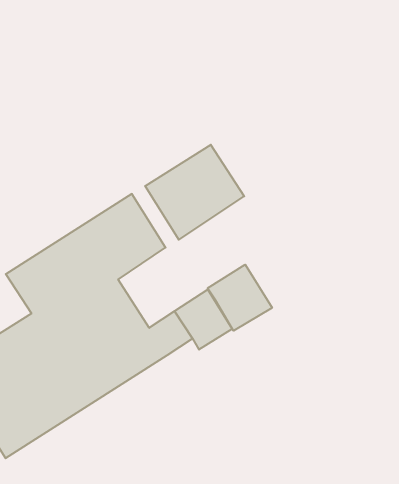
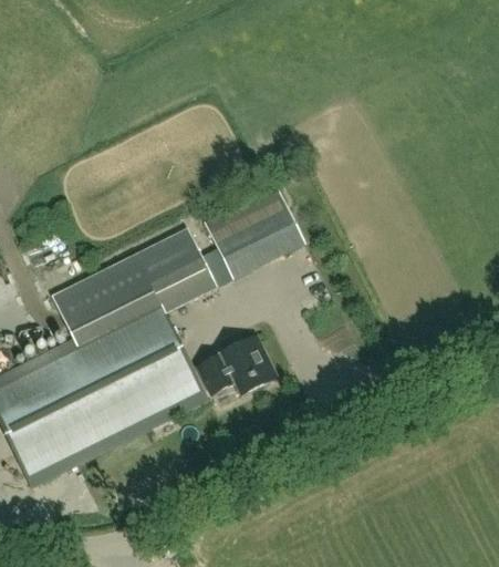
building: [208,265,272,331] -> none

